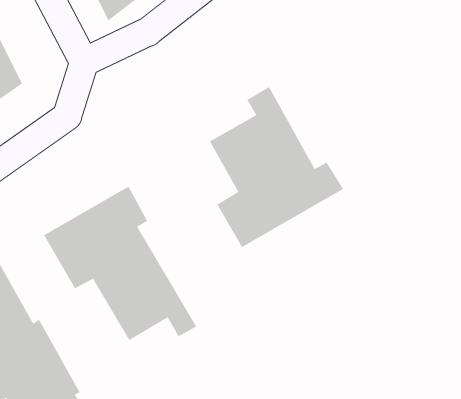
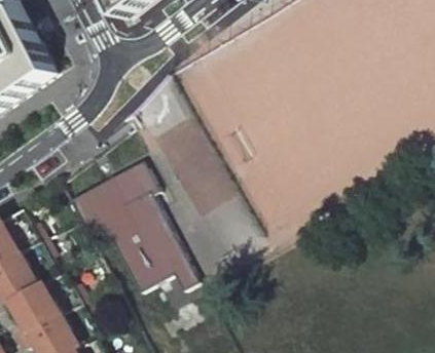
building: [209,86,344,248] -> none

